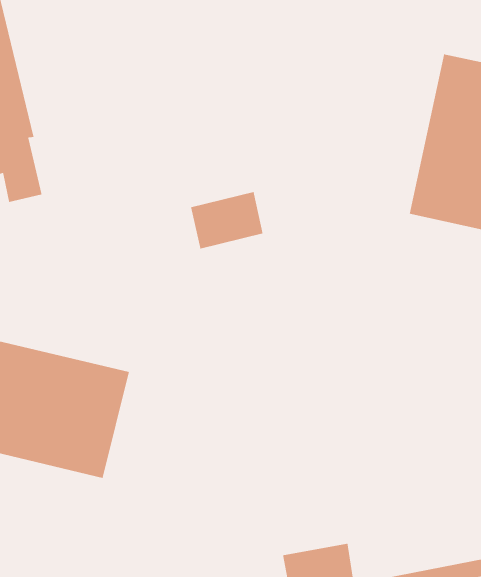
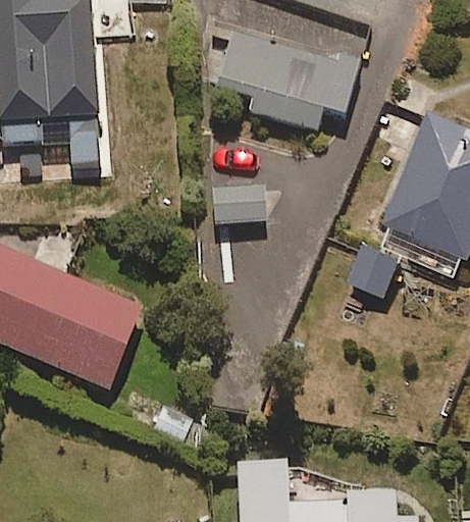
building: none -> [217,30,359,126]

